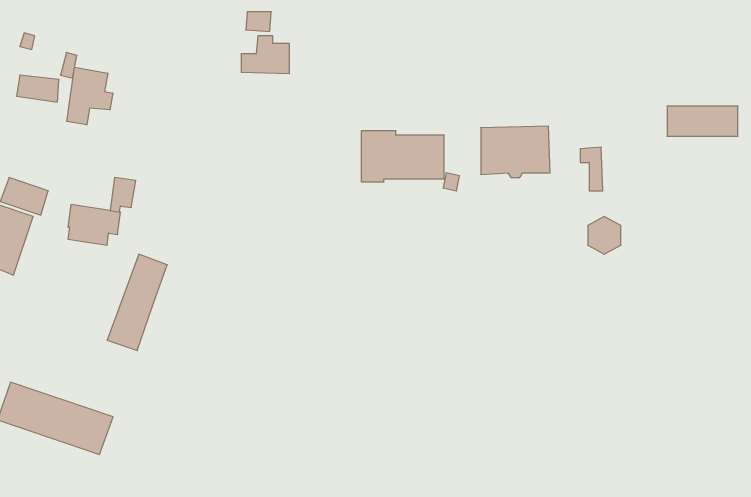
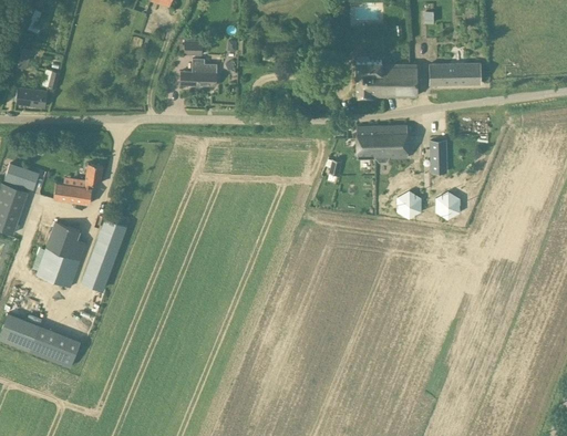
building: [67,67,113,125] -> none
building: [667,106,738,136] -> [429,63,481,85]
building: [361,131,444,182] -> [355,61,416,98]
building: none -> [396,190,421,219]
building: none -> [35,221,87,288]

